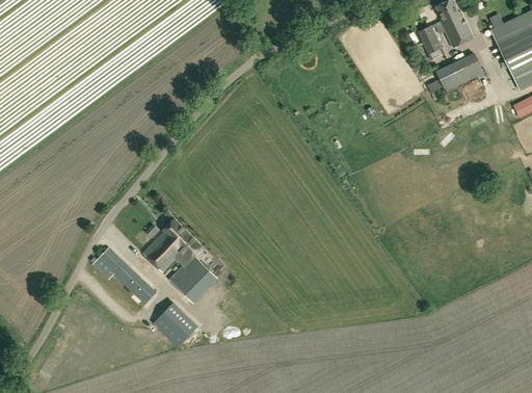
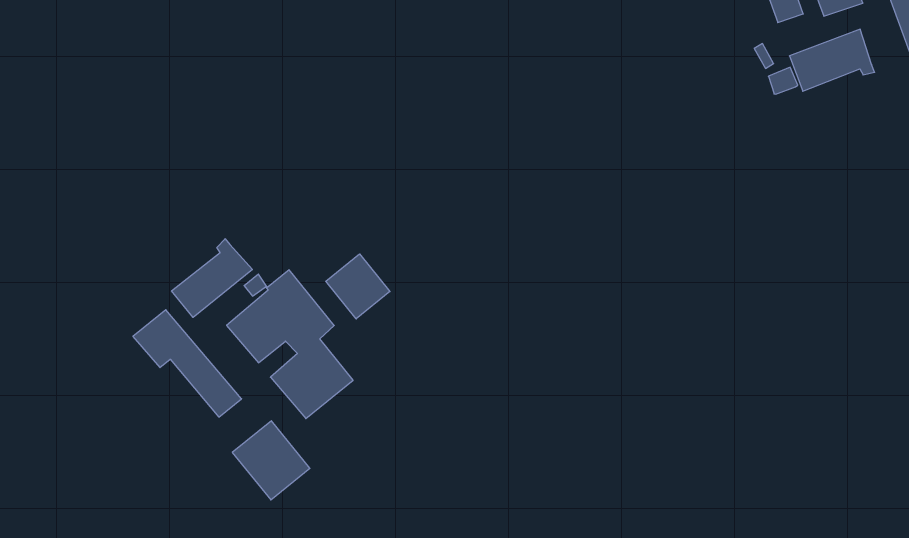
building: none -> [172,239,252,317]
building: none -> [326,254,390,319]

